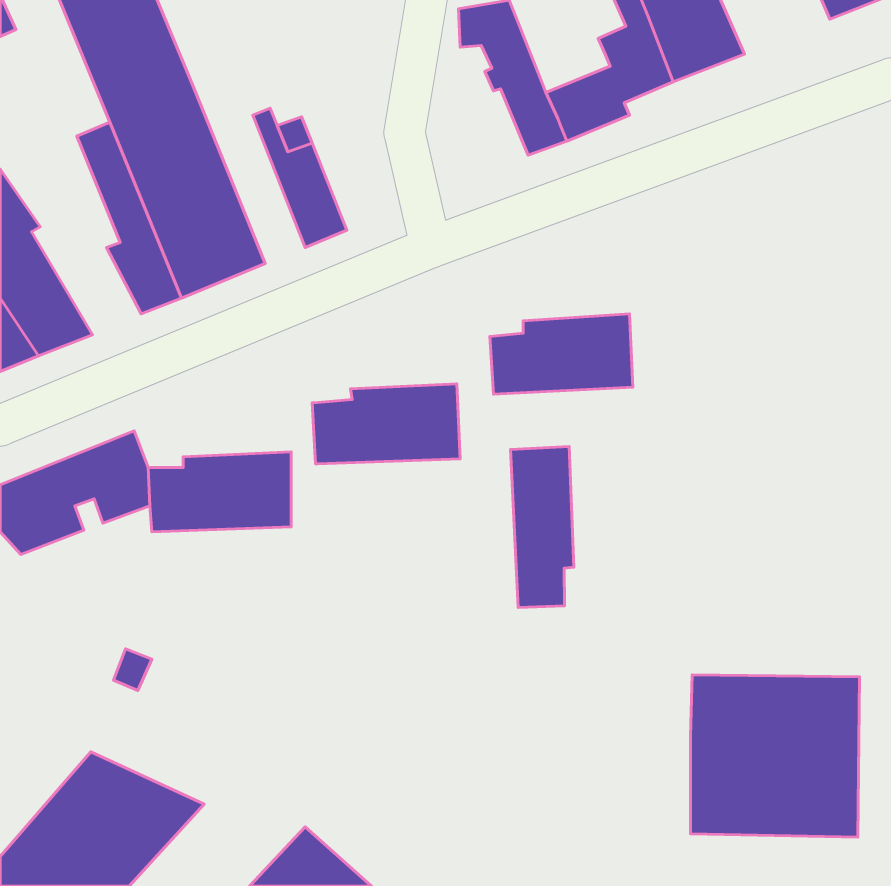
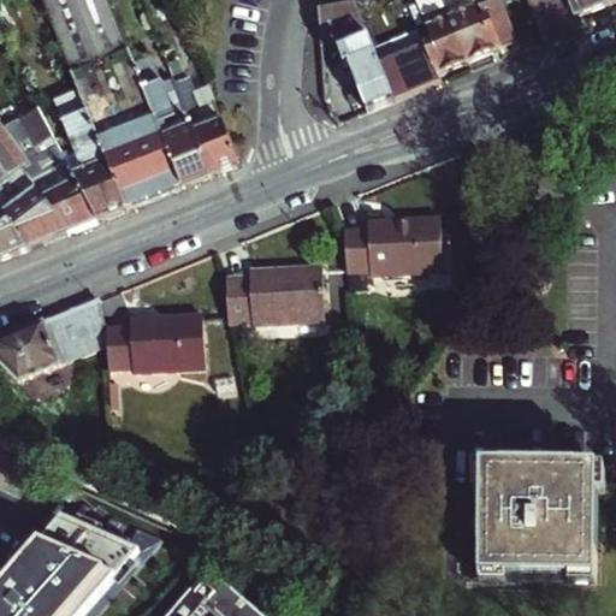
building: none -> [134,54,211,182]
building: none -> [20,102,97,231]
building: [510,446,574,608] -> none

